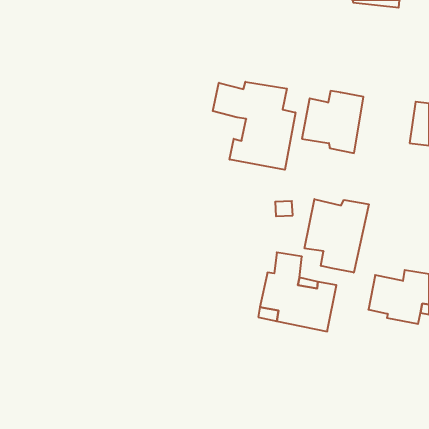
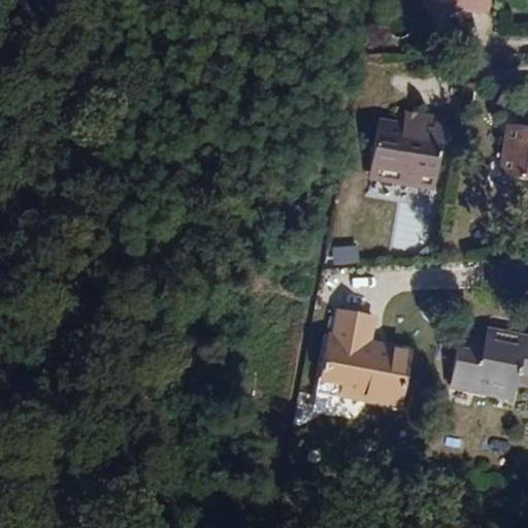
building: [213,82,295,170] -> none
building: [305,199,369,273] -> none

